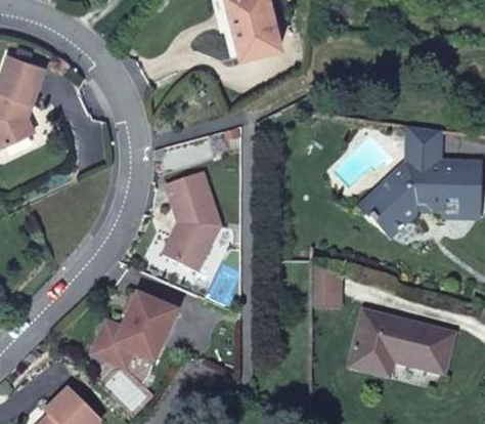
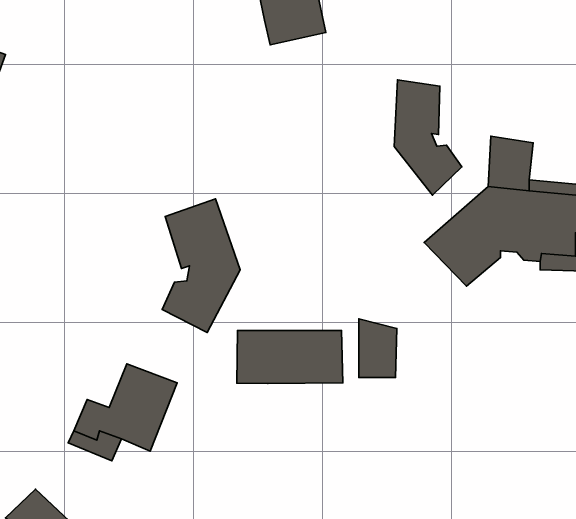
building: none -> [394,80,462,195]
building: none -> [237,330,343,383]
building: [347,311,451,379] -> none

